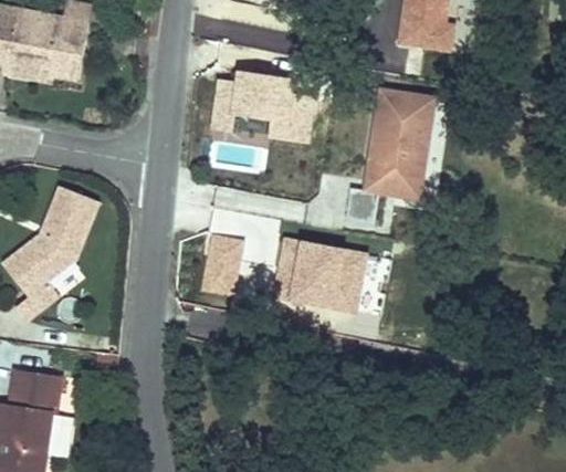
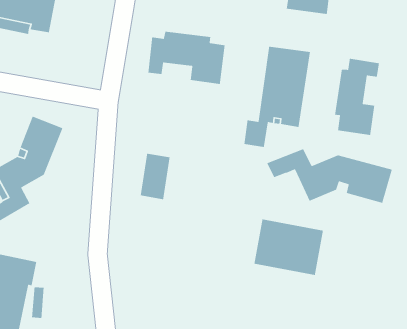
building: none -> [334,58,380,136]
building: none -> [266,148,393,204]
building: [273,238,367,314] -> [253,219,324,276]

